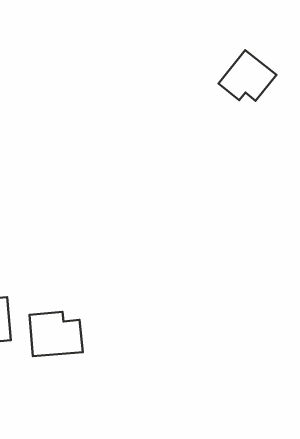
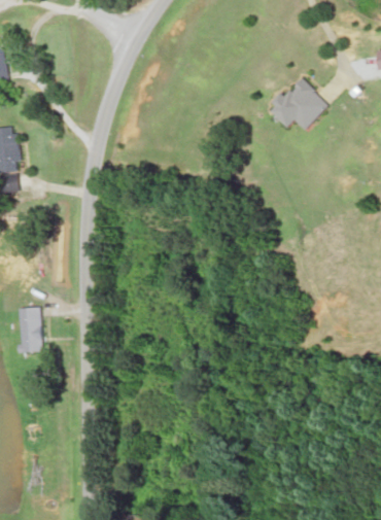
building: [29,312,83,356] -> none

